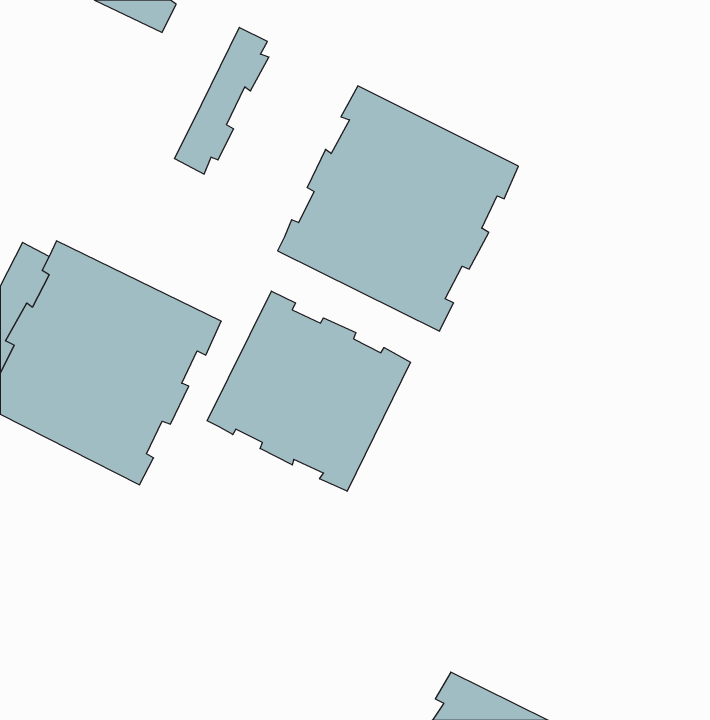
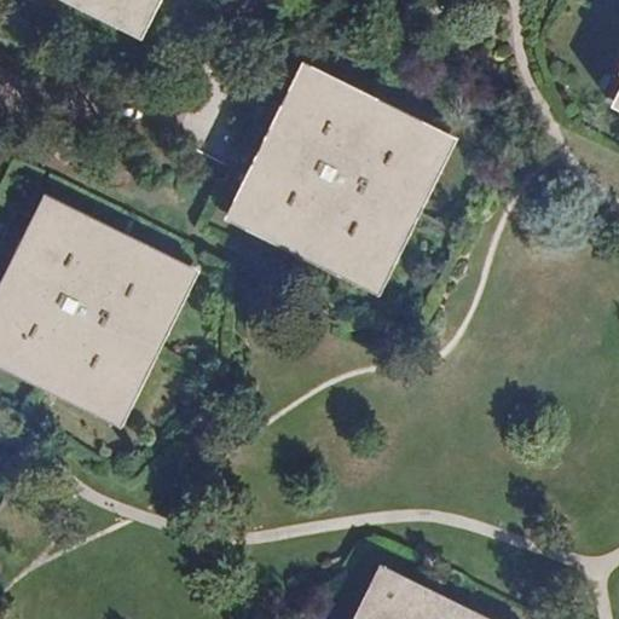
building: [174,27,269,174] -> [227,77,308,203]
building: [207,291,410,491] -> none

